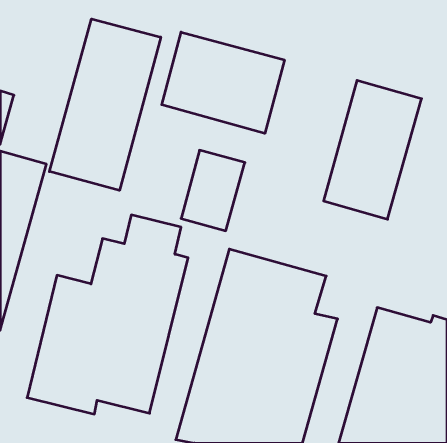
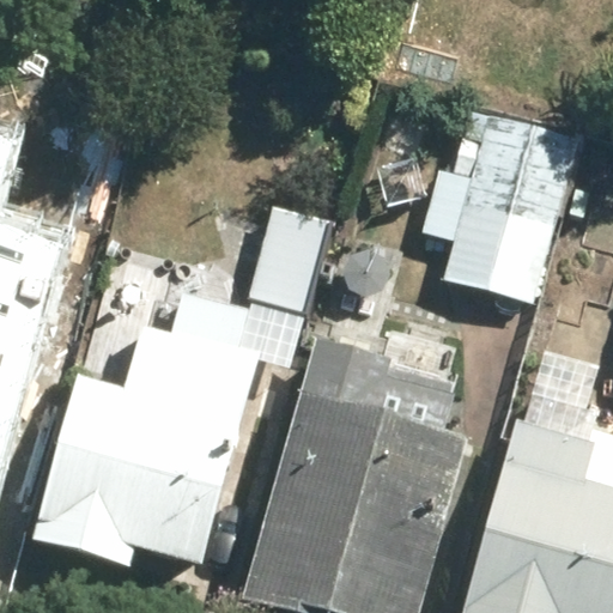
building: [49,19,161,190] -> none
building: [162,32,284,133] -> none

